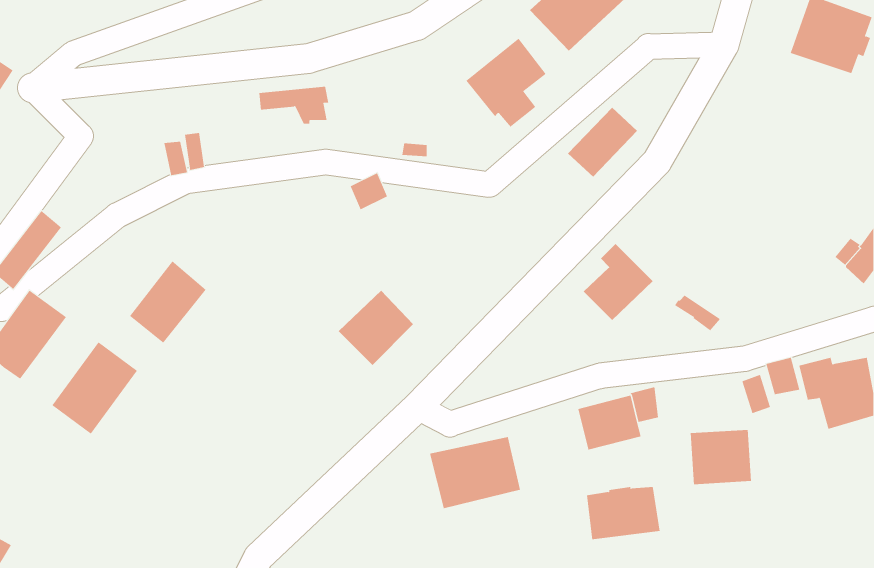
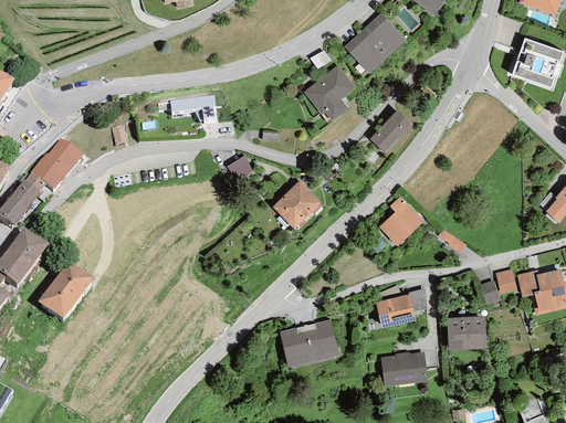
building: [129,260,207,343] -> [32,138,82,191]
building: [338,290,414,366] -> [272,180,321,229]

